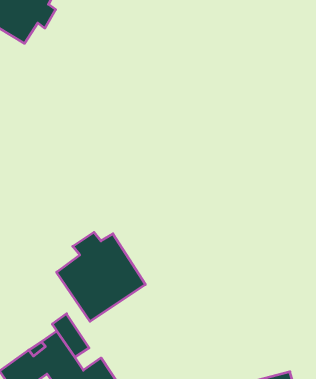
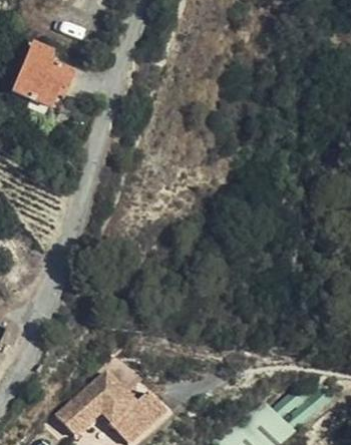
building: [57,232,145,321] -> none

